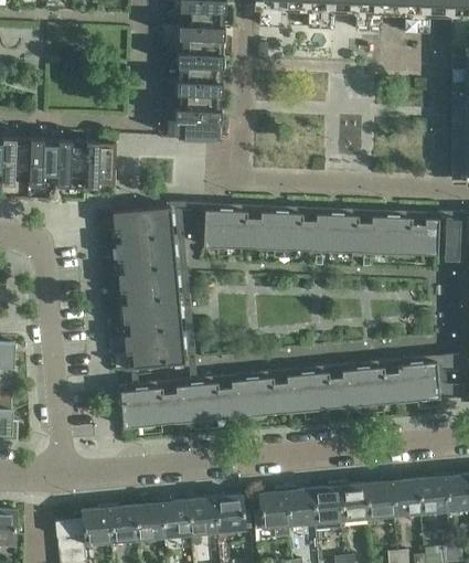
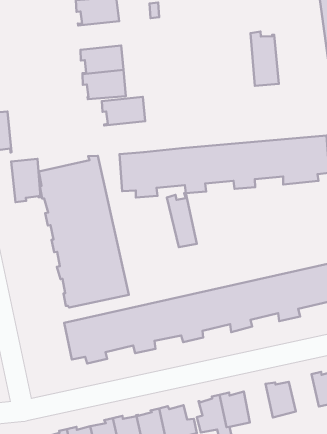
building: [175,55,223,84] -> [102,97,145,125]
building: none -> [251,31,279,86]
building: [84,141,115,188] -> [11,159,41,202]
building: none -> [167,193,197,247]
building: [361,479,391,519] -> none
building: [309,484,339,531] -> none

